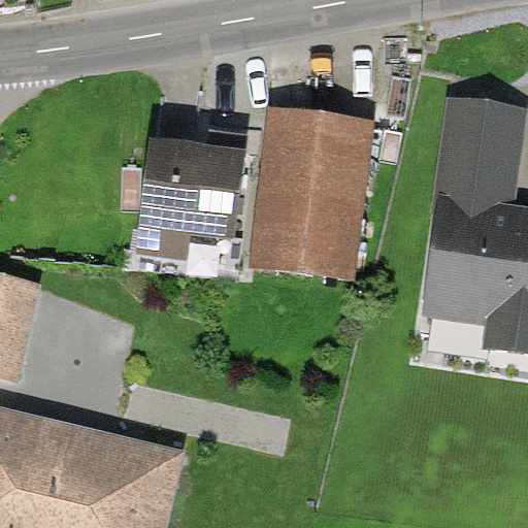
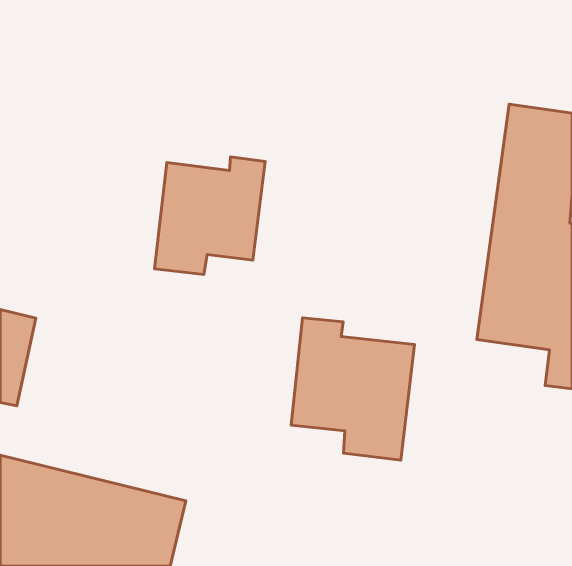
building: [257,114,368,275] -> none
building: none -> [291,318,414,460]

